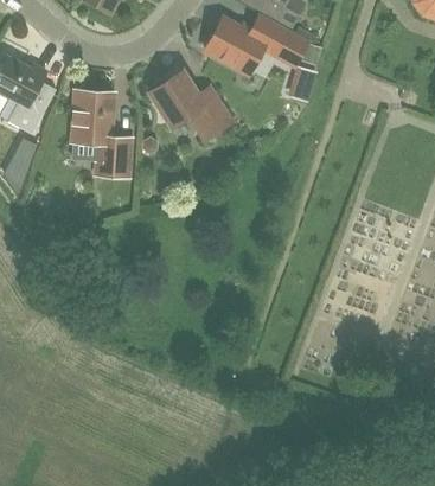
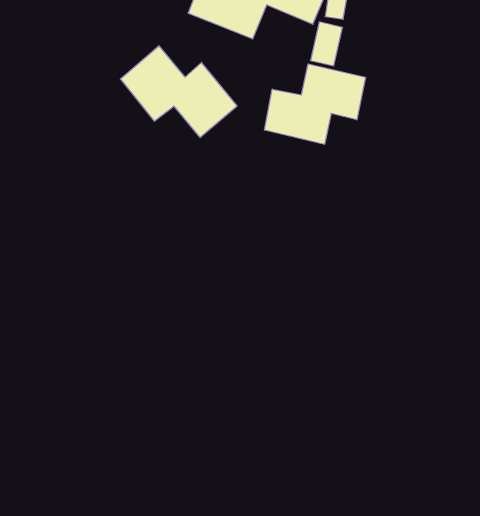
building: [72,90,132,177] -> none
building: none -> [265,64,365,144]

